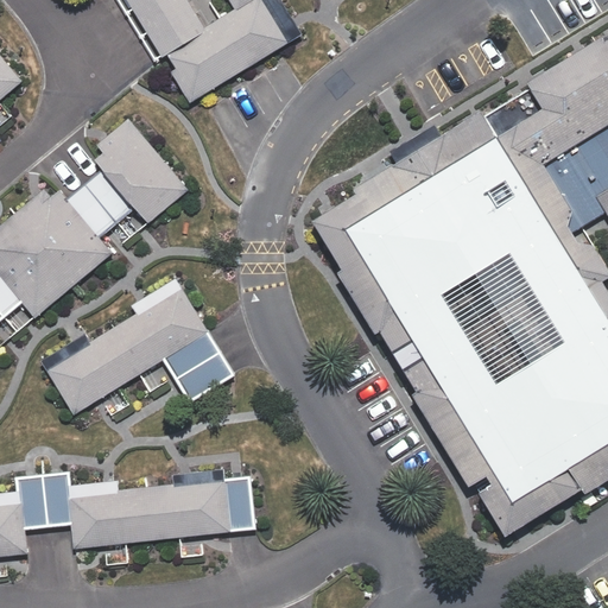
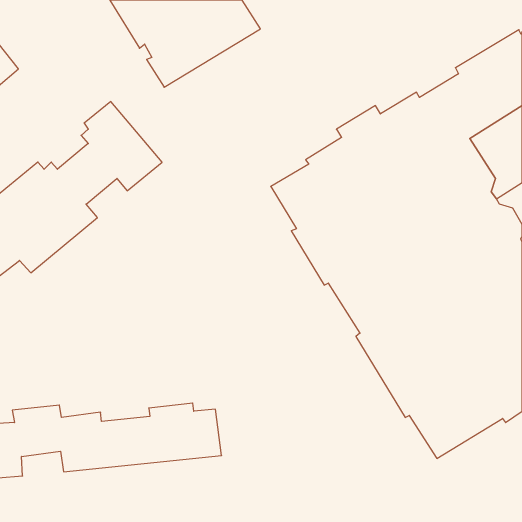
building: [40,279,235,414] -> none

